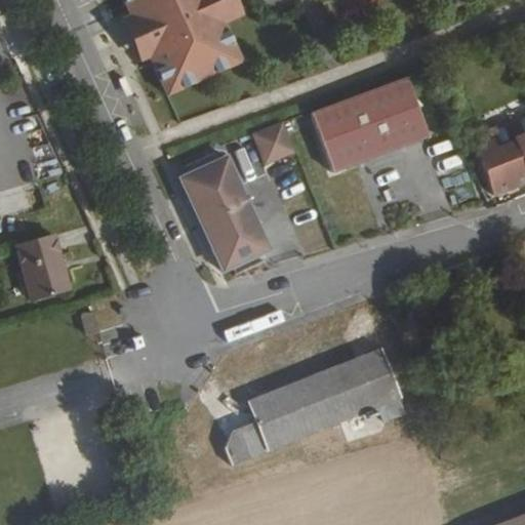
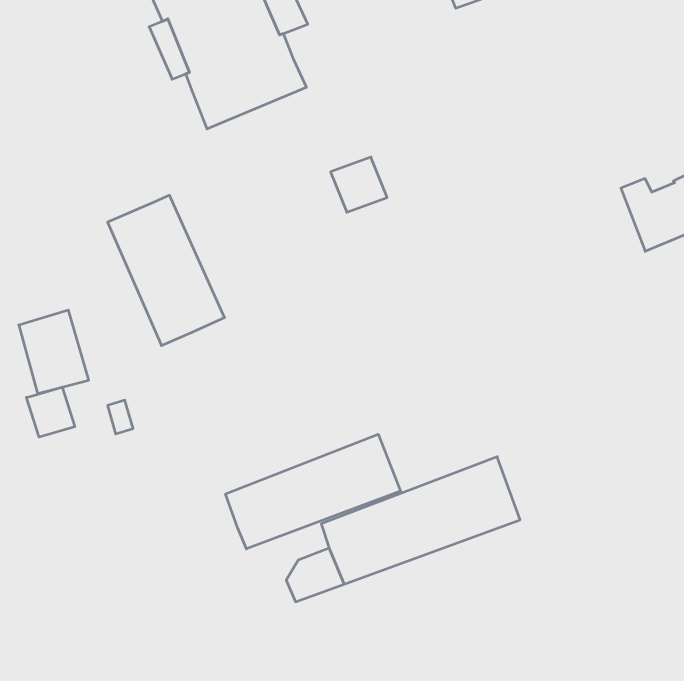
building: [313,78,429,171] -> none
building: [186,155,275,270] -> [108,195,225,346]
building: none -> [26,387,75,437]
building: none -> [226,434,401,549]

